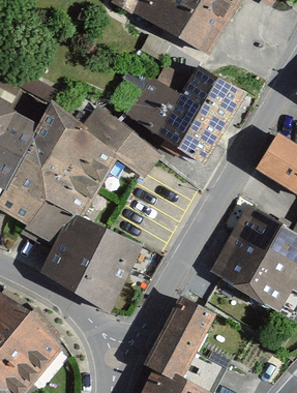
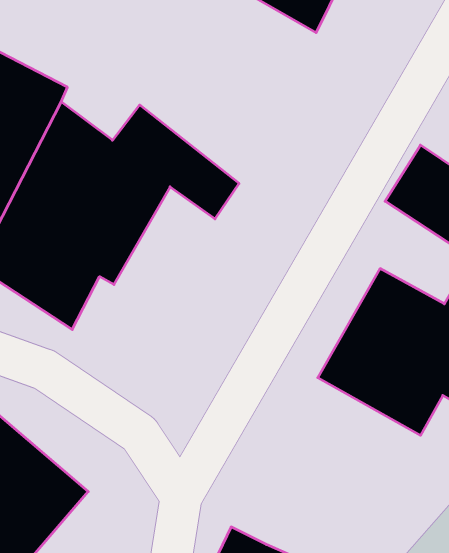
building: [127,65,246,163] -> none
building: [39,213,140,308] -> none
building: [143,299,213,386] -> none

